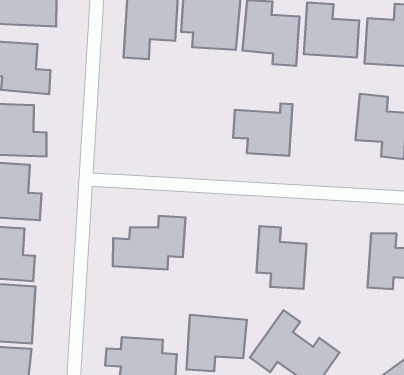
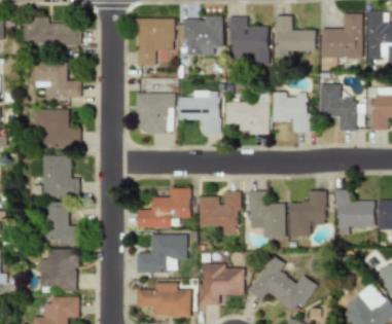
building: none -> [136,93,175,135]
building: none -> [179,89,220,135]
building: none -> [272,91,315,133]
building: none -> [200,190,241,235]
building: none -> [289,190,326,235]
building: none -> [136,232,187,273]

